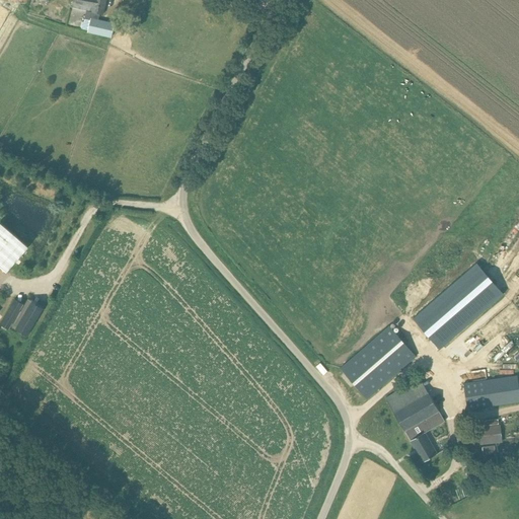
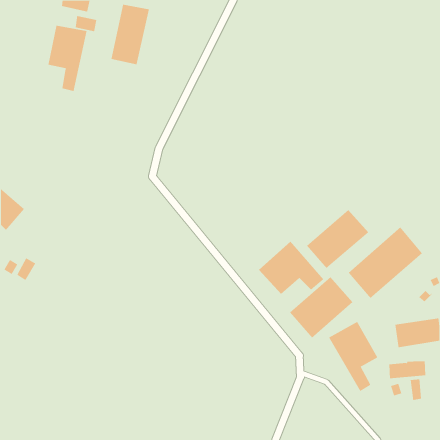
building: none -> [111,4,149,65]
building: none -> [48,25,87,92]
building: none -> [306,209,369,269]
building: none -> [258,241,324,295]

